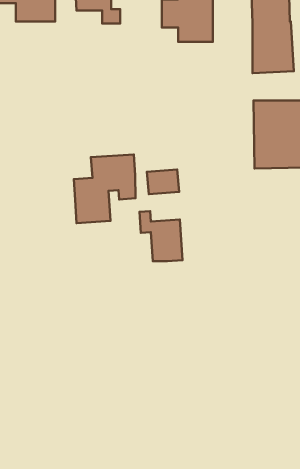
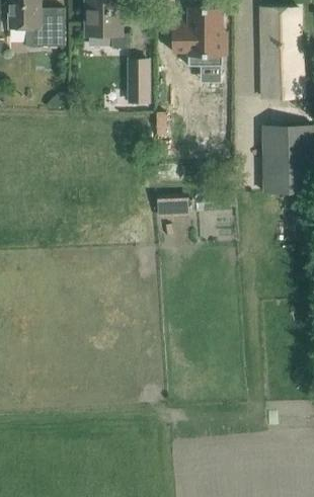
building: none -> [129,60,148,102]
building: [74,154,136,223] -> none
building: [140,211,183,261] -> none

